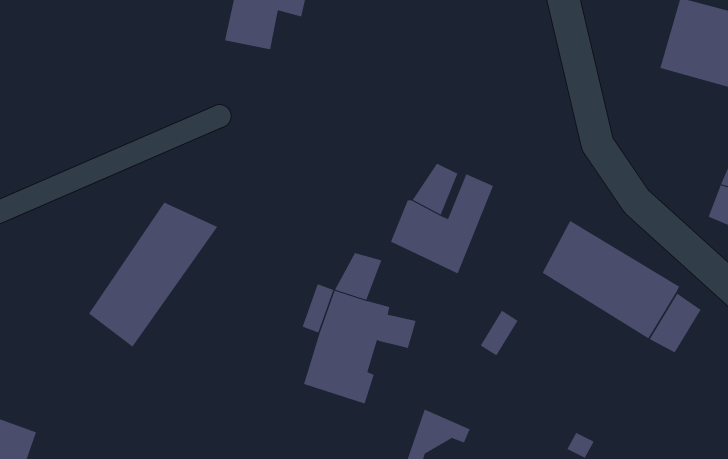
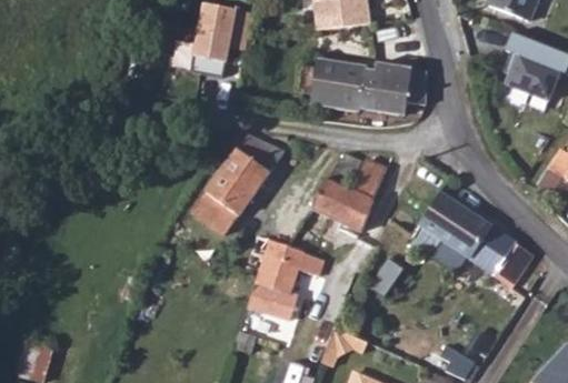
building: none -> [307,56,426,112]
building: [88,202,218,347] -> [191,133,285,238]

